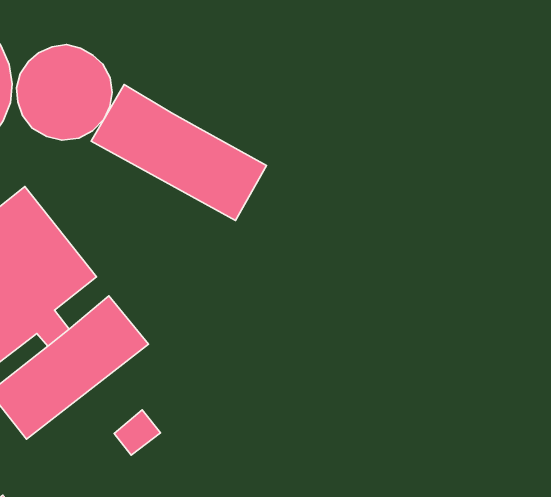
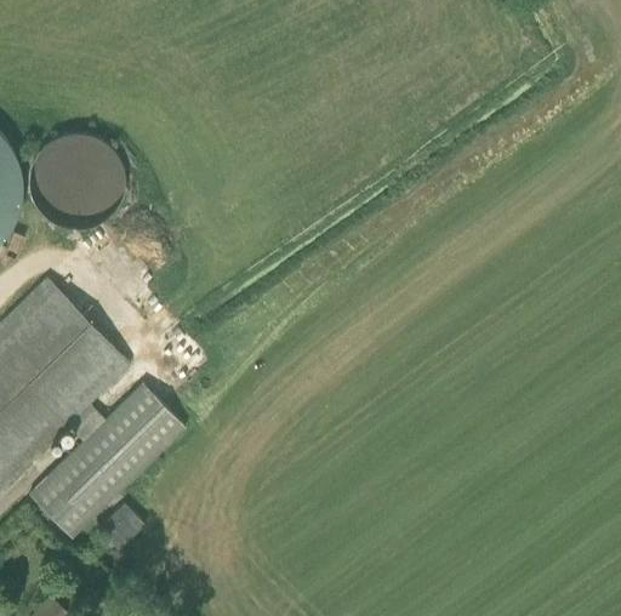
building: [91,85,266,221] -> none
building: [114,410,160,455] -> [97,503,144,551]

